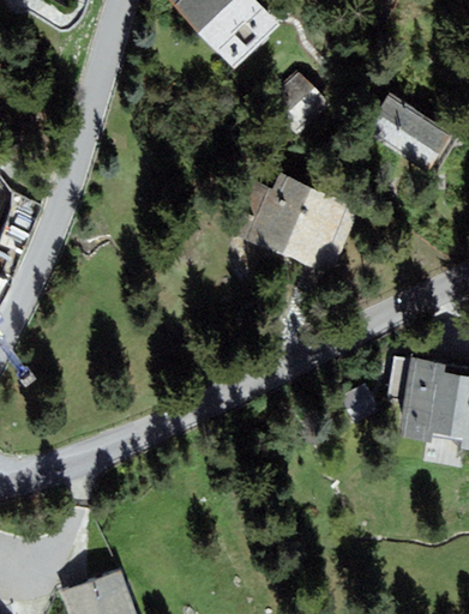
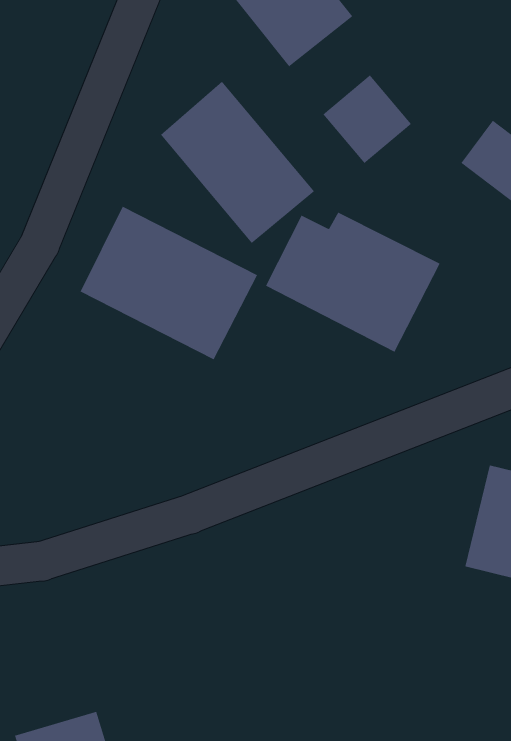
building: none -> [160,81,315,244]
building: none -> [80,206,258,360]

